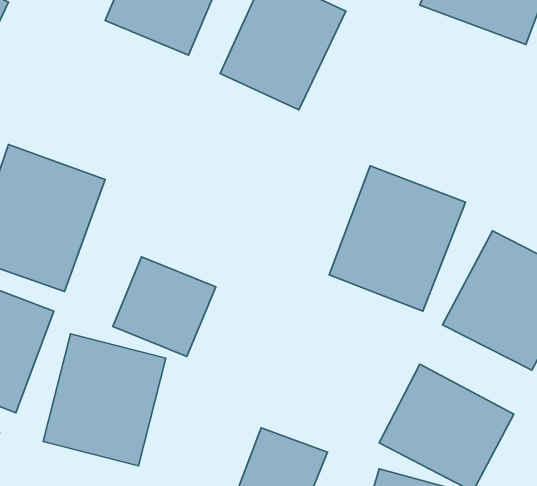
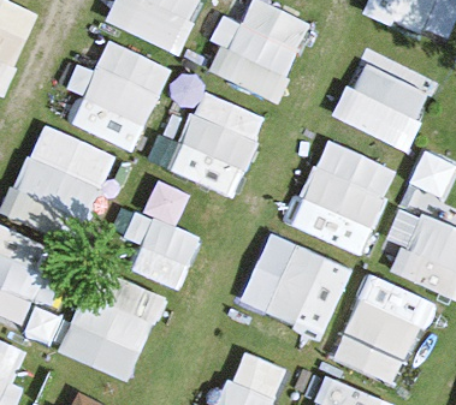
building: none -> [69,37,170,149]
building: none -> [339,54,431,143]
building: none -> [167,91,266,198]
building: none -> [238,232,355,341]

